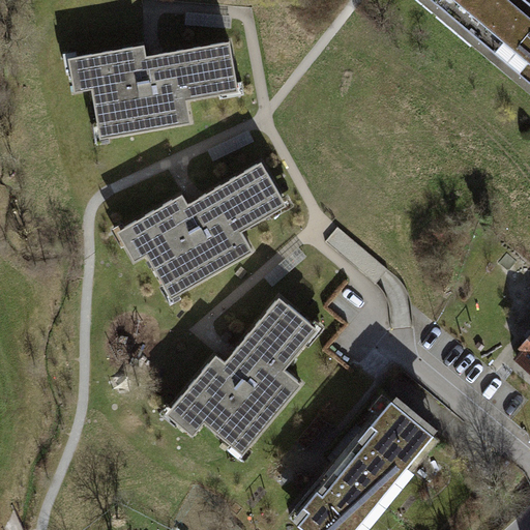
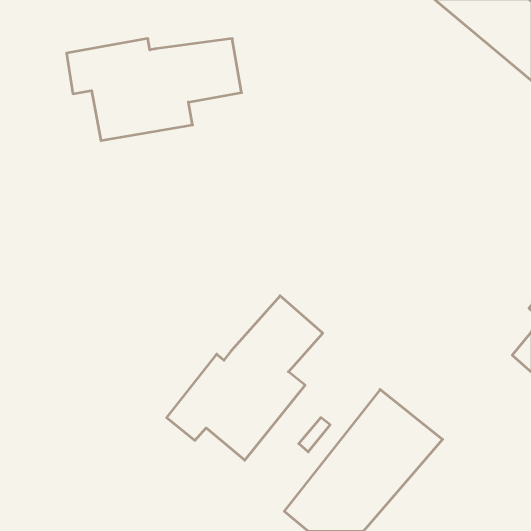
building: [117,164,286,298] -> none

